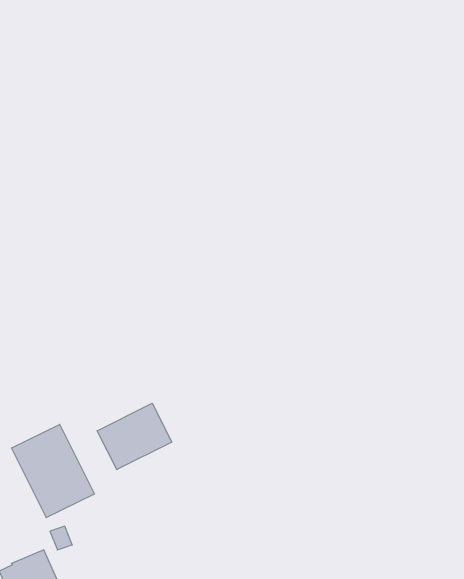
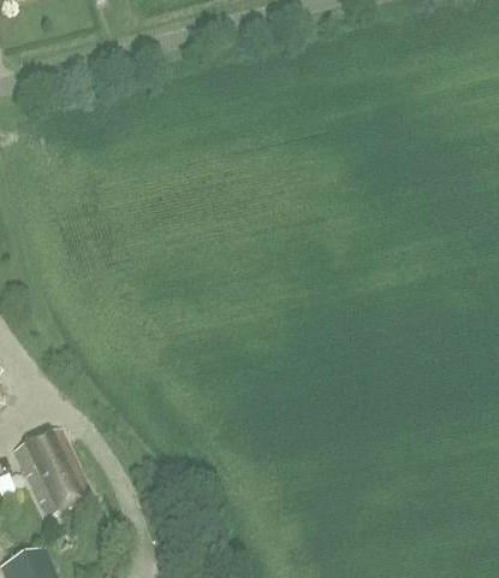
building: [97,403,172,470] -> none

